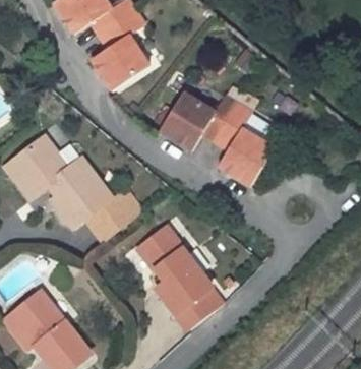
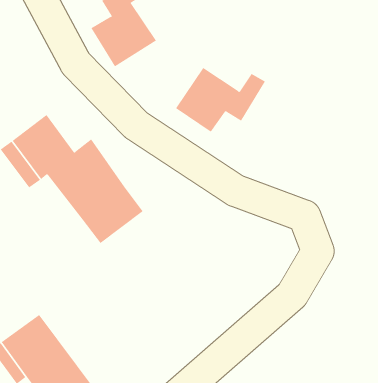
building: [216,103,274,184] -> none
building: [141,223,216,324] -> none

